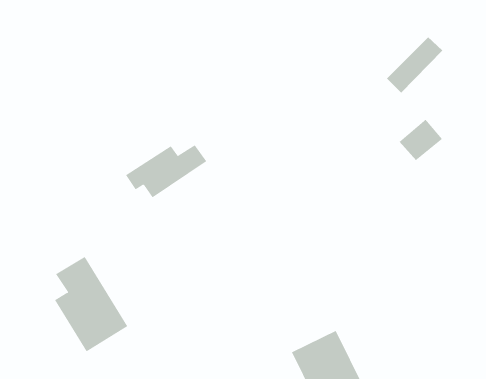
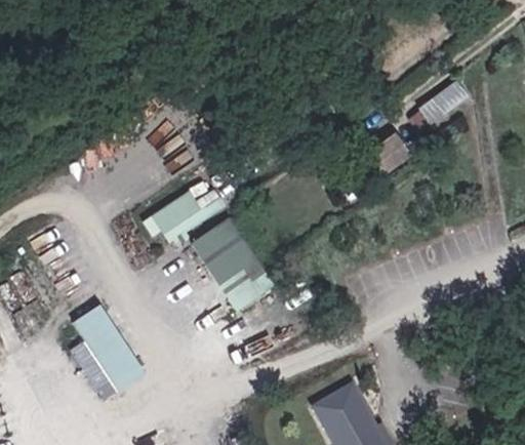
building: [399,119,443,161] -> [367,131,412,174]
building: none -> [191,217,273,311]

